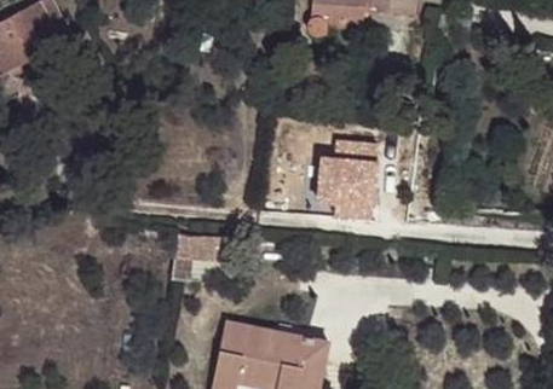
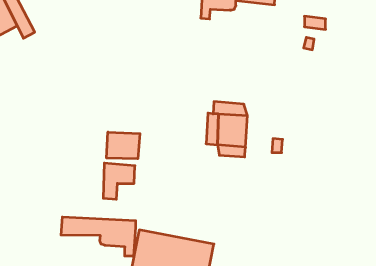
building: none -> [107,132,140,159]
building: none -> [61,217,136,256]

